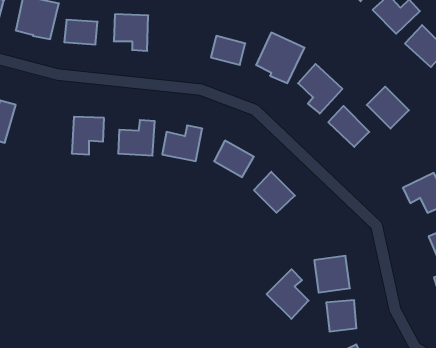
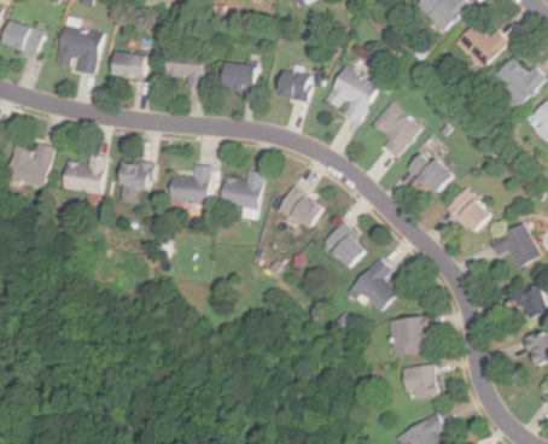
building: none -> [220,63,256,90]
building: [367,87,409,129] -> [444,188,491,235]
building: none -> [62,153,107,194]
building: [267,269,309,319] -> [351,258,398,314]

